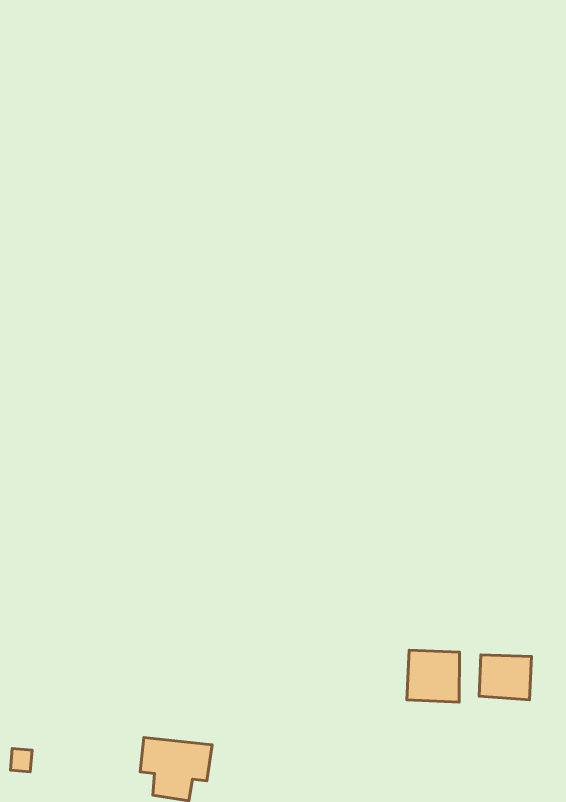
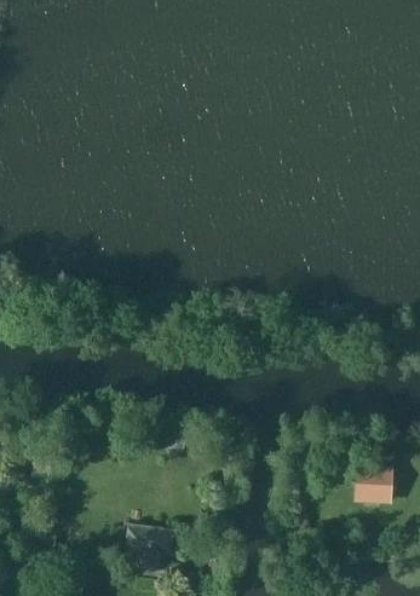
building: [407,650,459,702] -> none

